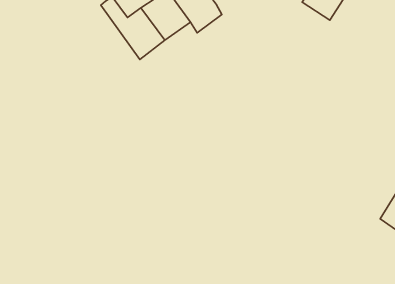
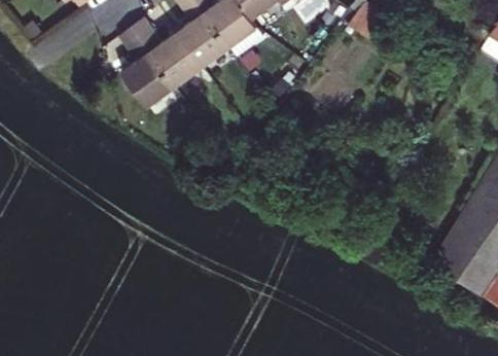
building: none -> [118,28,175,106]

